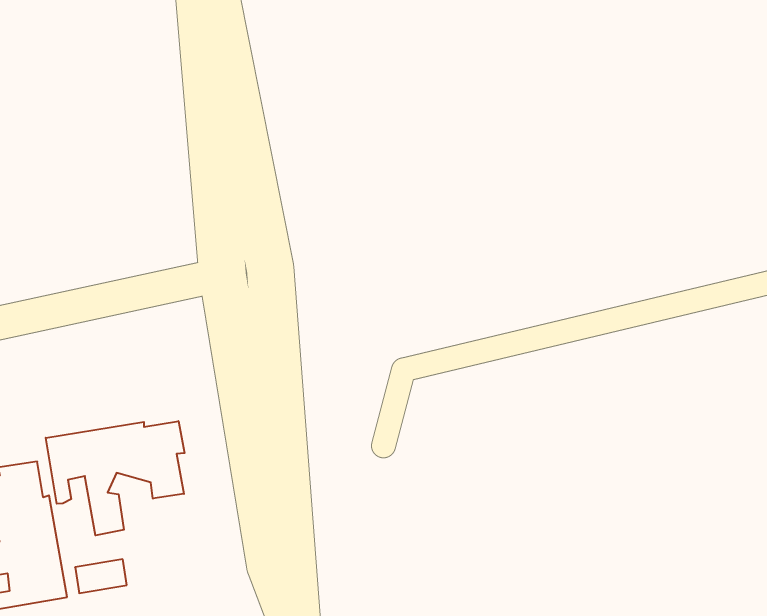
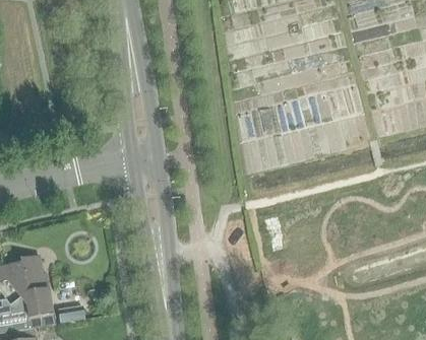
building: [46,421,185,535] -> none

